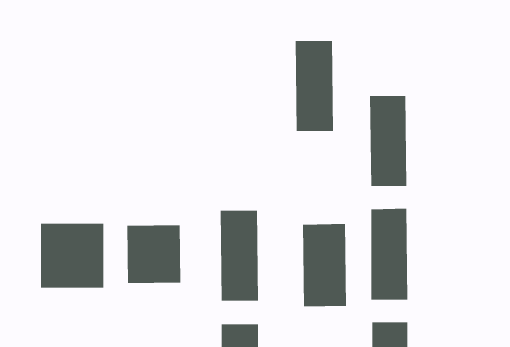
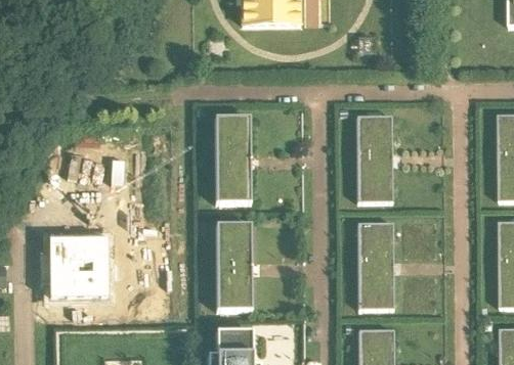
building: [295,41,334,132] -> [215,117,252,202]
building: [302,223,346,307] -> none
building: [127,225,181,284] -> none

